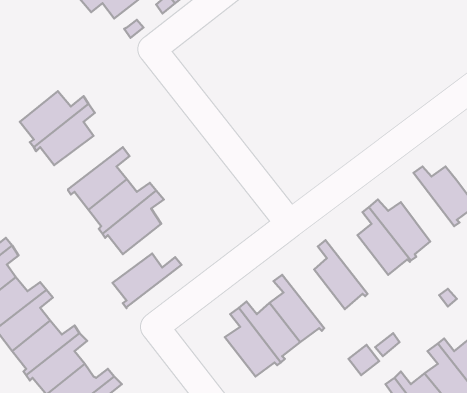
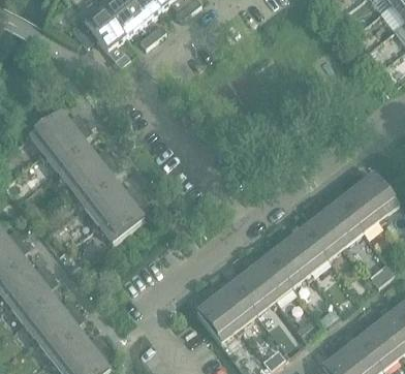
building: none -> [339,176,382,231]
building: none -> [278,225,329,274]
building: [113,254,181,308] -> [58,146,114,190]
building: none -> [243,253,293,302]

